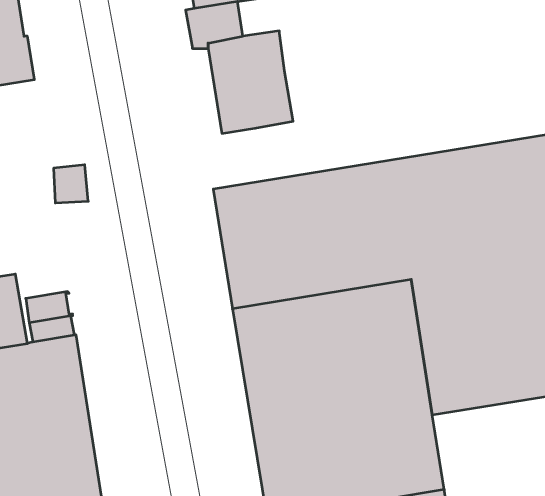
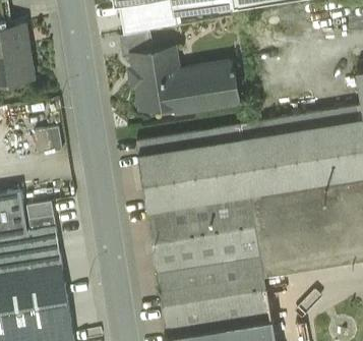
building: none -> [161,65,238,118]

